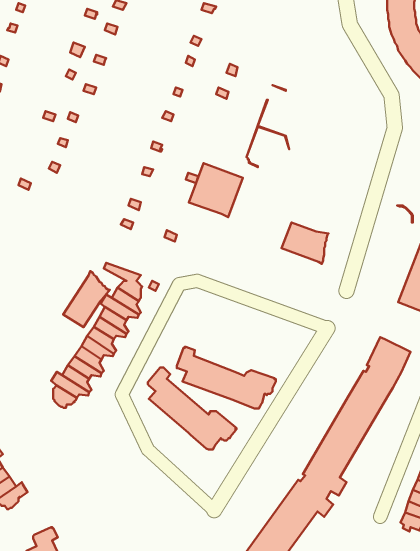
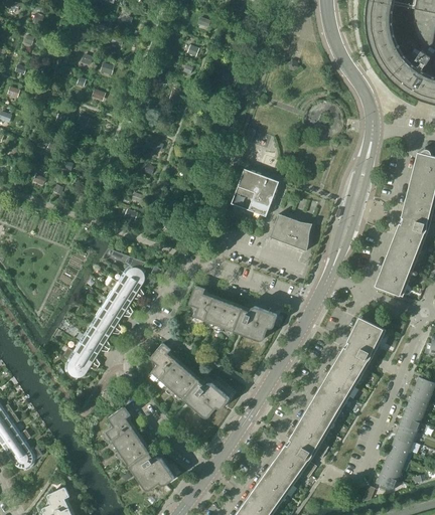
building: [189,163,243,217] -> [231,168,279,216]
building: [63,271,110,327] -> none
building: [177,347,276,409] -> [188,285,277,340]
building: none -> [105,406,174,489]

